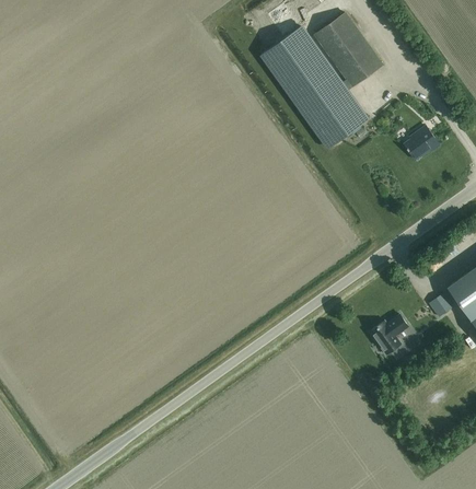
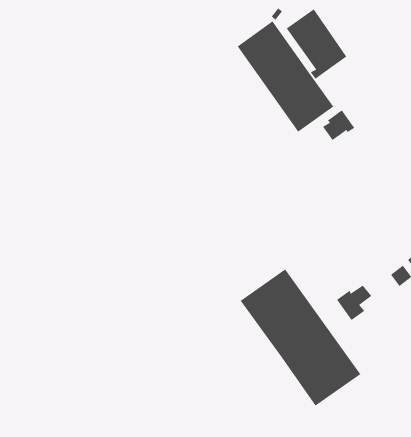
building: [404,126,440,160] -> [322,110,355,141]
building: none -> [240,268,361,406]

